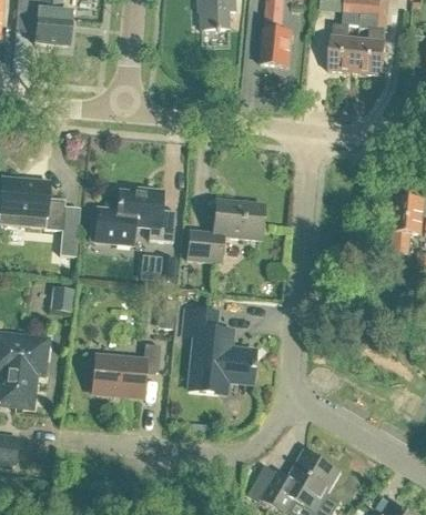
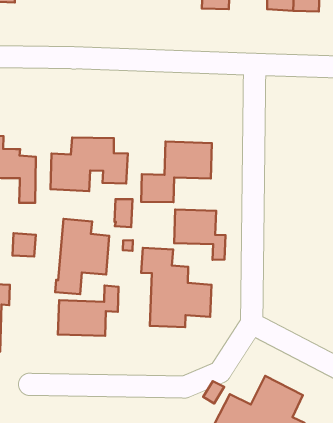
building: none -> [174,210,225,260]
building: none -> [55,219,109,294]

